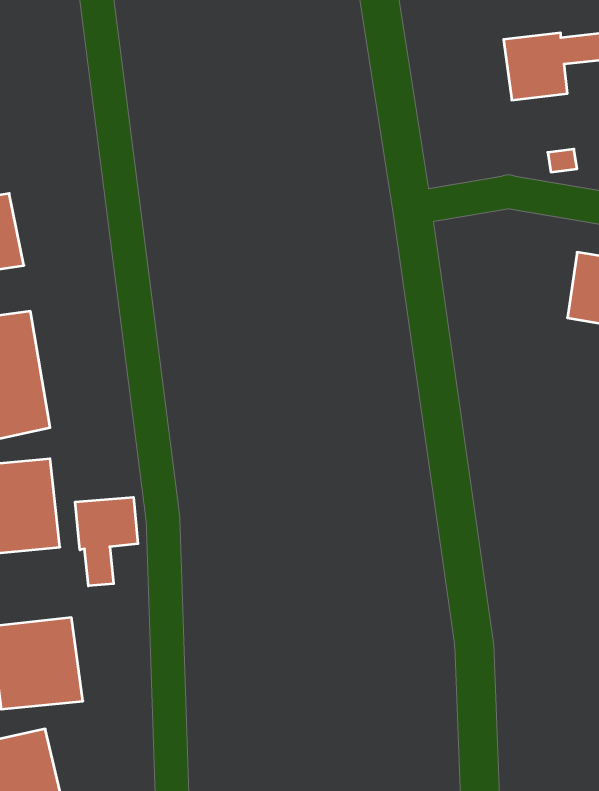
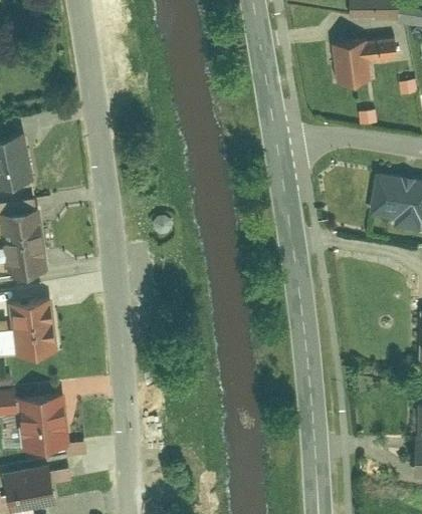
building: [75,497,138,586] -> none

